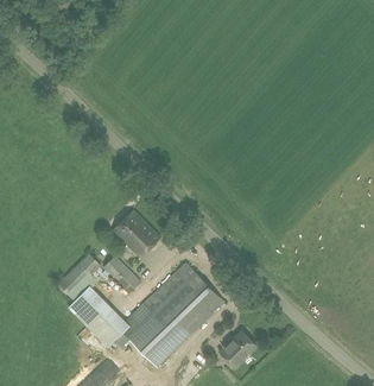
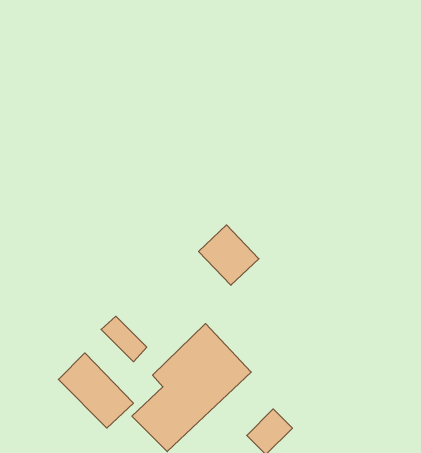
building: [112,208,160,257] -> [199,225,259,285]
building: [58,253,100,296] -> none

